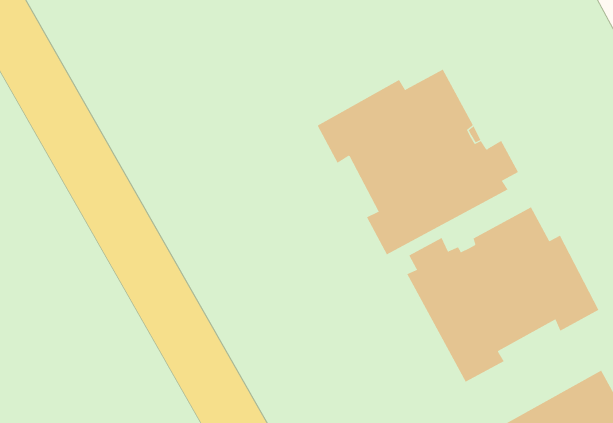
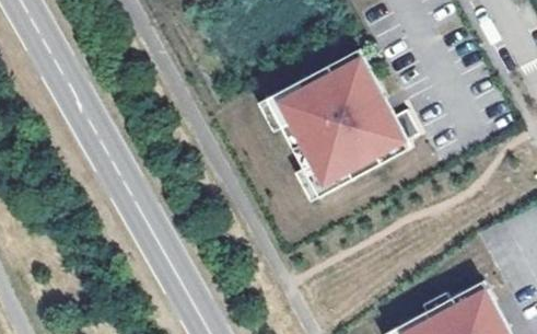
building: [406,207,599,382] -> none

